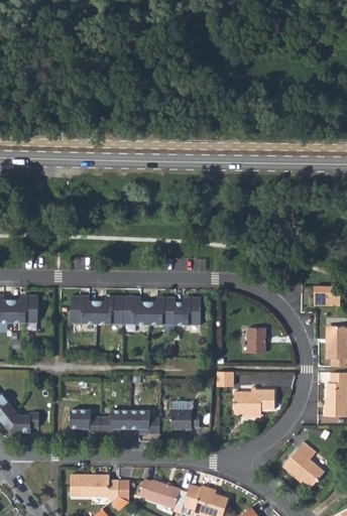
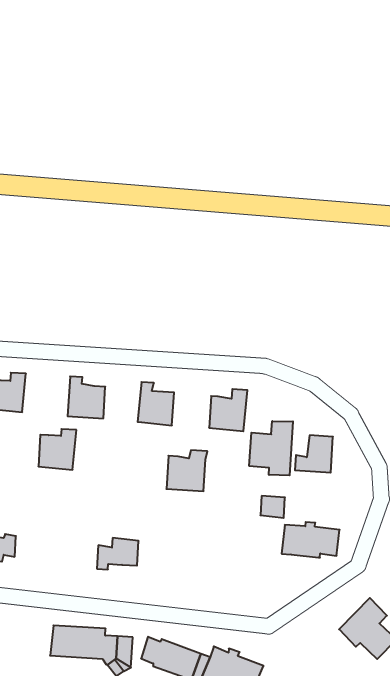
building: [98,294,124,324] -> [38,429,76,470]
building: [148,295,177,325] -> [166,450,207,491]
building: none -> [249,421,293,475]
building: [168,407,198,429] -> none
building: [69,408,100,432] -> none
building: [129,410,158,434] -> none

